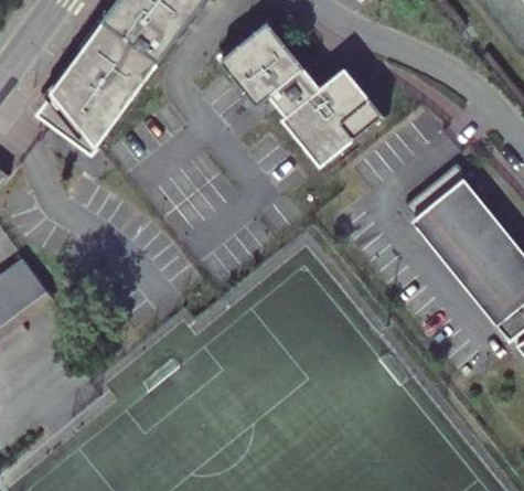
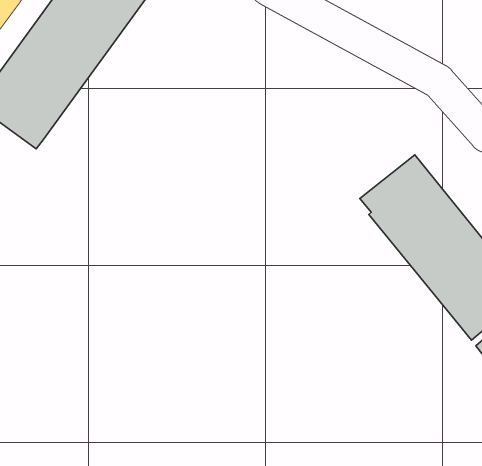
building: [217,19,383,164] -> none

